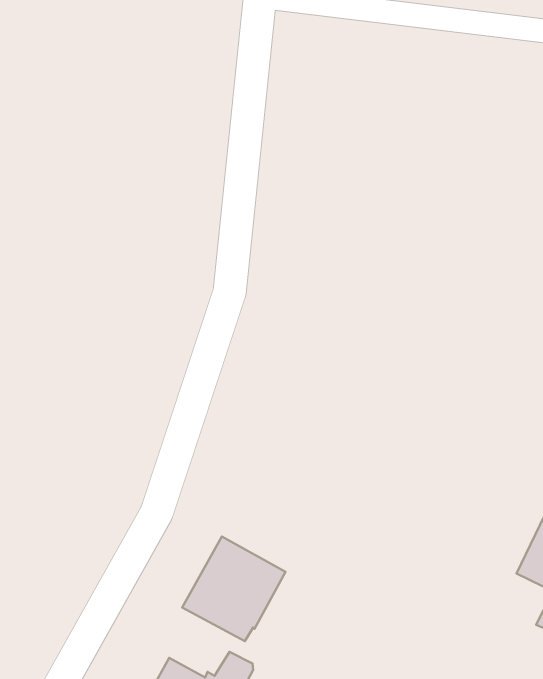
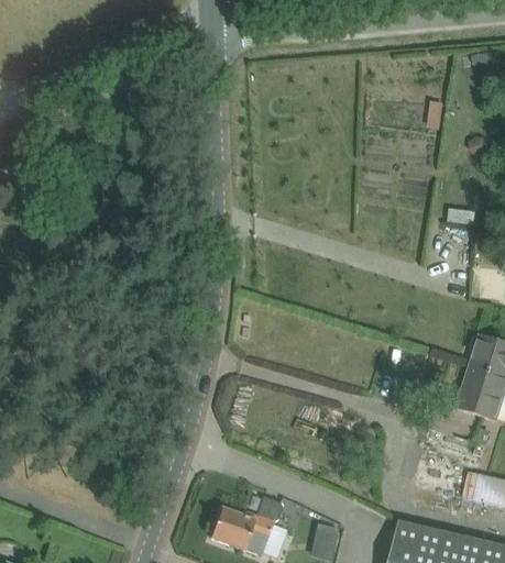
building: [182,537,286,641] -> none

